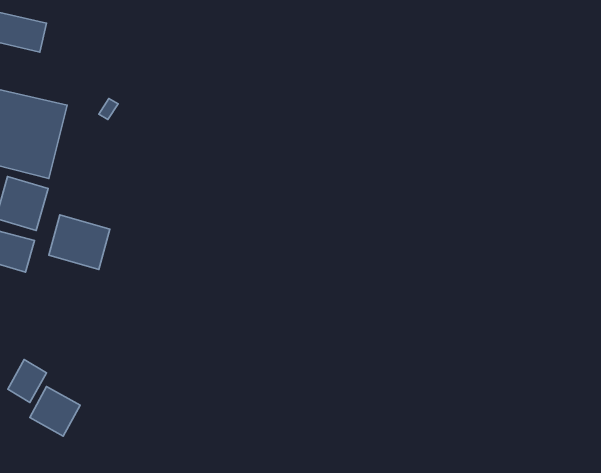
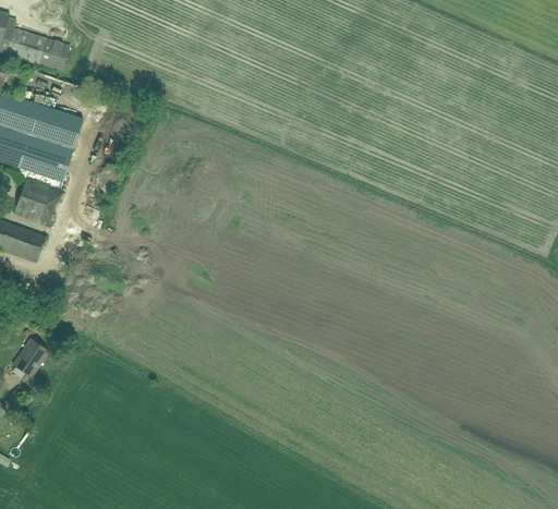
building: [49,215,110,269] -> none
building: [30,386,80,436] -> none

